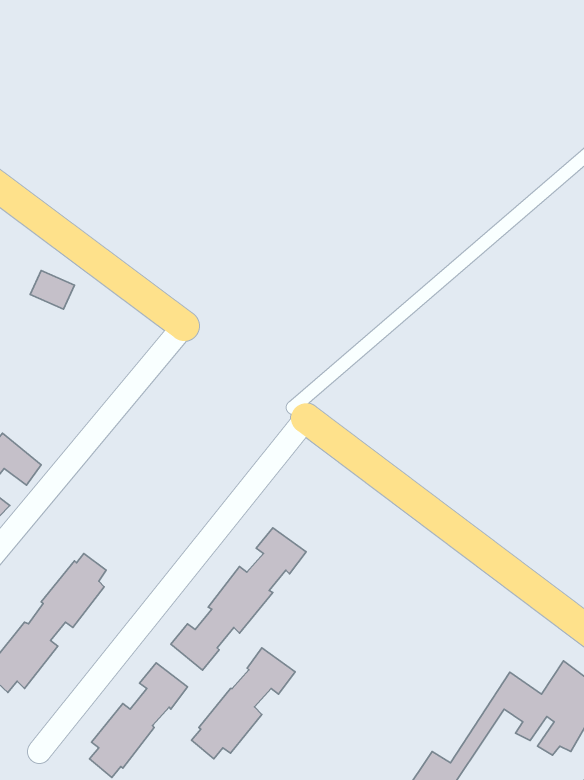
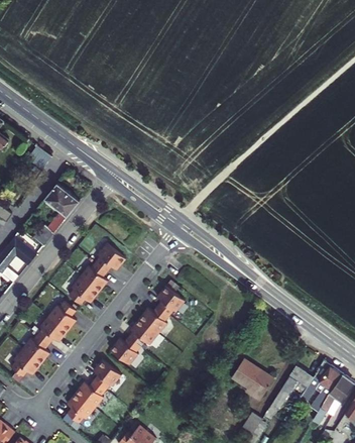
building: none -> [32,185,78,244]
building: [191,648,295,759] -> [68,246,124,307]
building: none -> [231,359,273,399]

